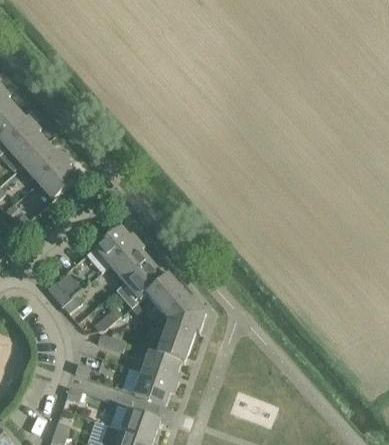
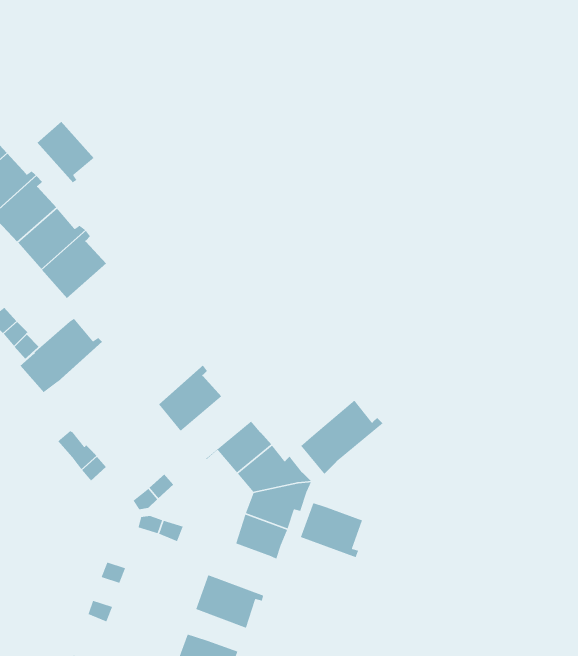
building: none -> [36,121,94,183]
building: [86,224,138,271] -> [20,318,103,393]
building: [116,259,168,306] -> [300,399,384,475]
building: [141,348,184,383] -> [300,502,369,558]

